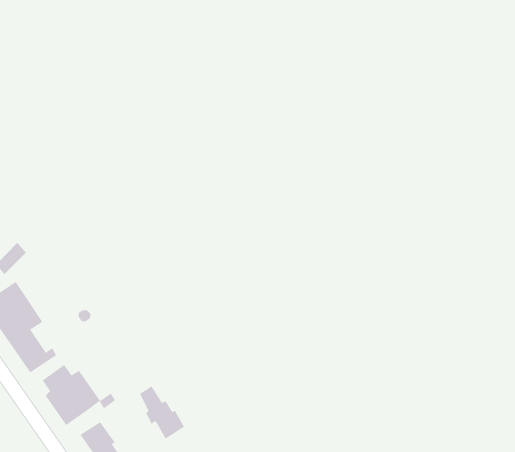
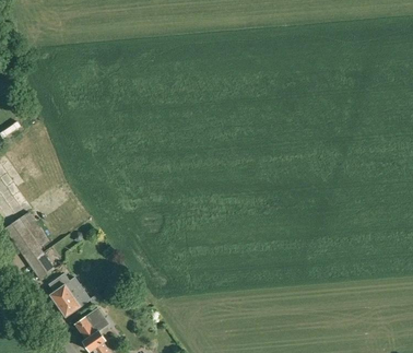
building: [139,386,185,439] -> none

